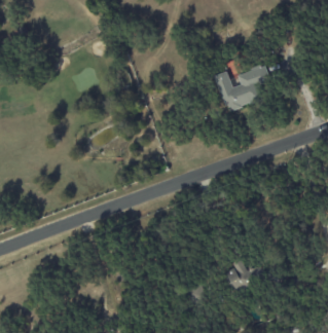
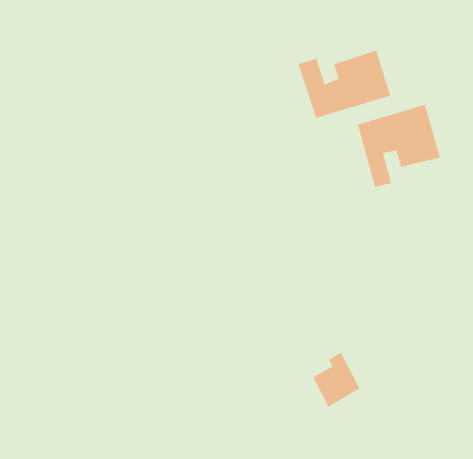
building: none -> [357,104,441,188]

